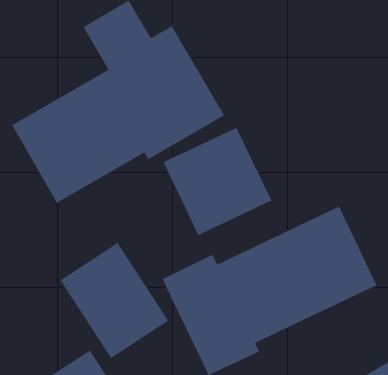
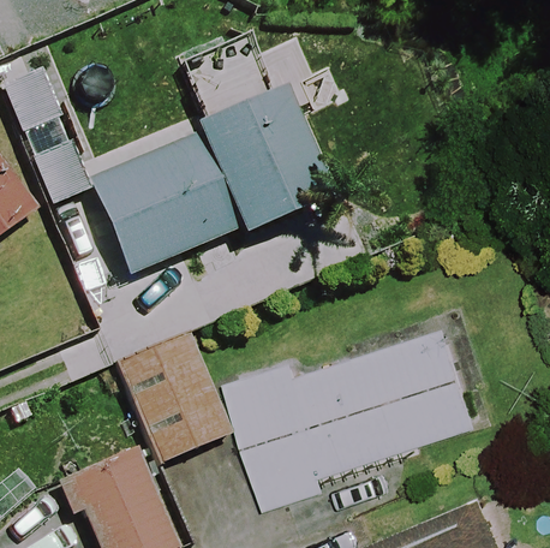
building: [162,127,272,236] -> none

